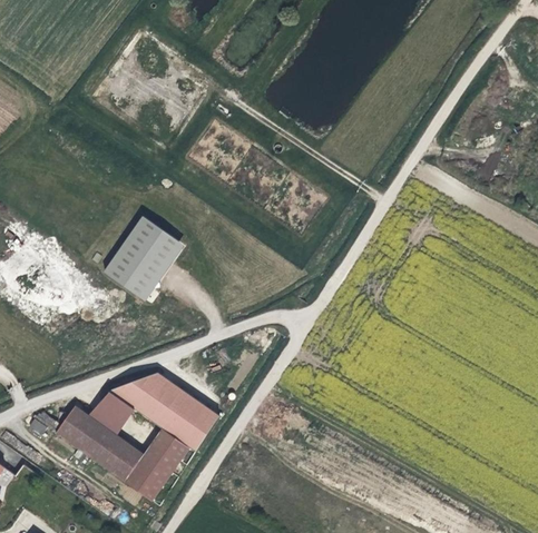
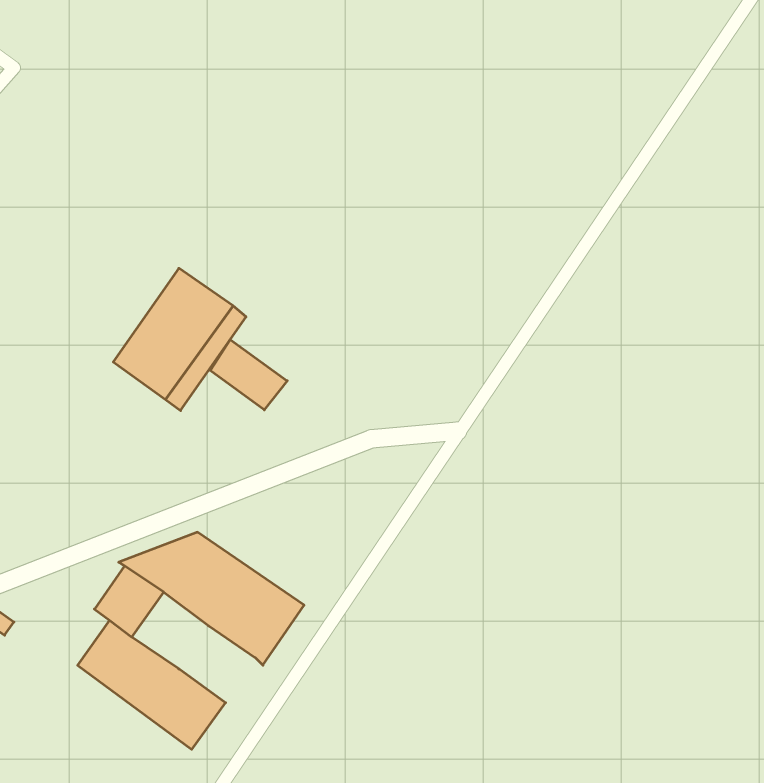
building: none -> [210,340,287,410]
building: [56,404,102,451] -> none
building: [144,427,189,473] -> none

